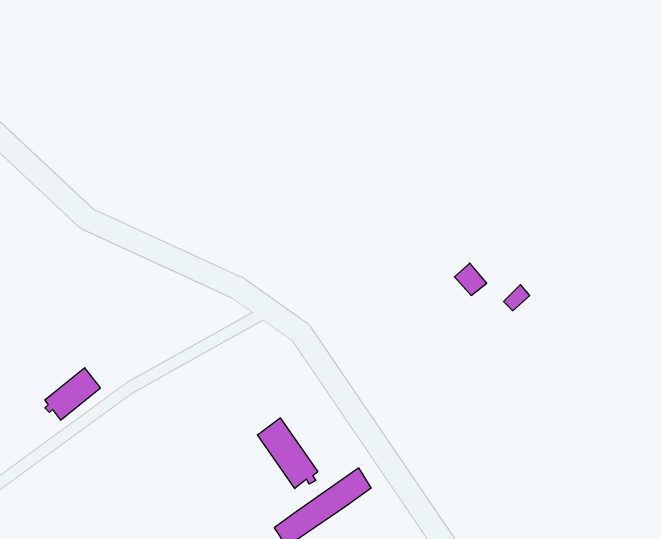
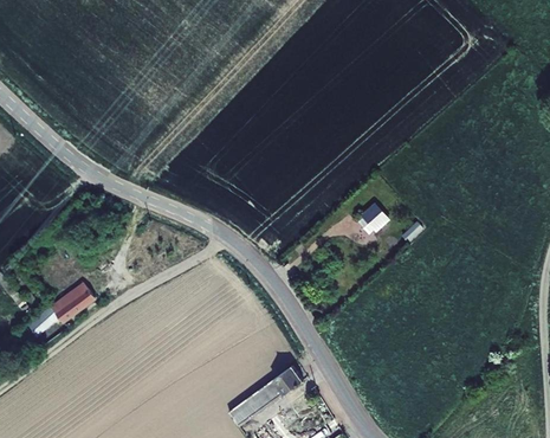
building: [257,418,318,489] -> none

